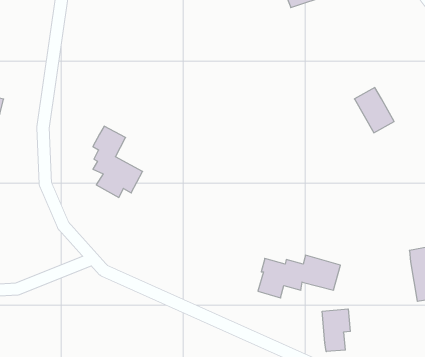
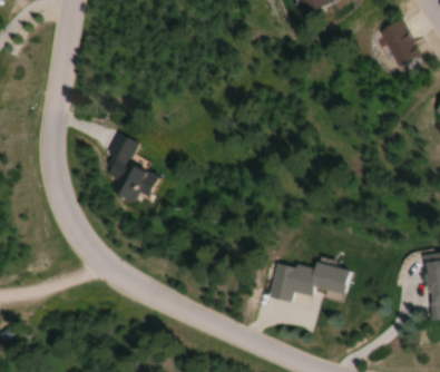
building: [354,88,394,133] -> [381,21,420,66]
building: [322,309,350,352] -> none

